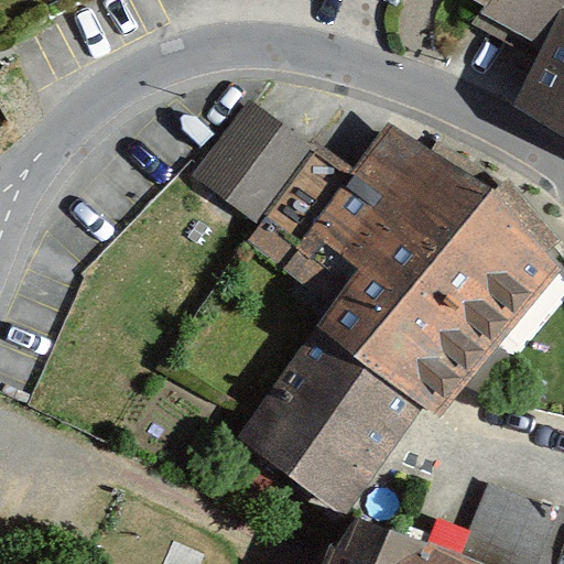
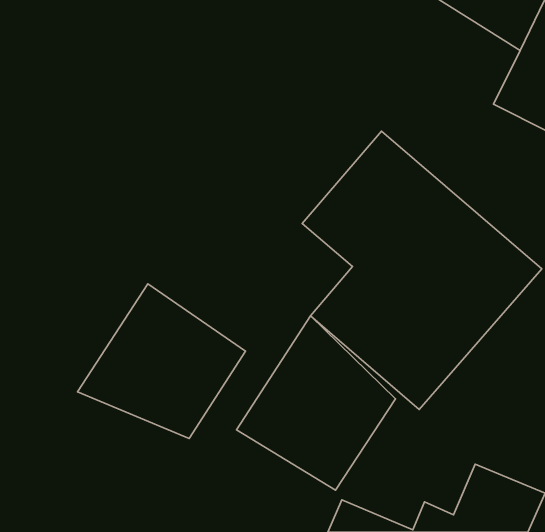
building: [188,100,308,221] -> none
building: none -> [77,284,245,439]

